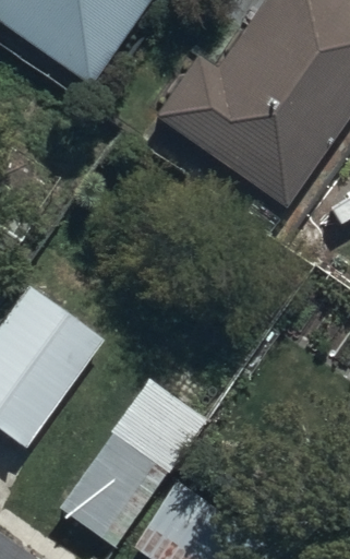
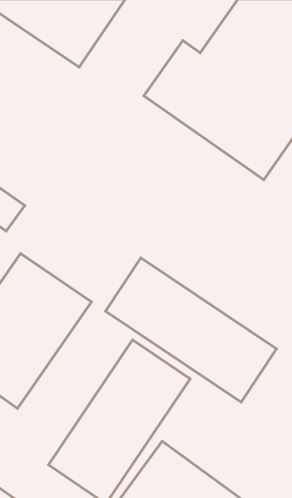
building: none -> [105,258,277,402]

